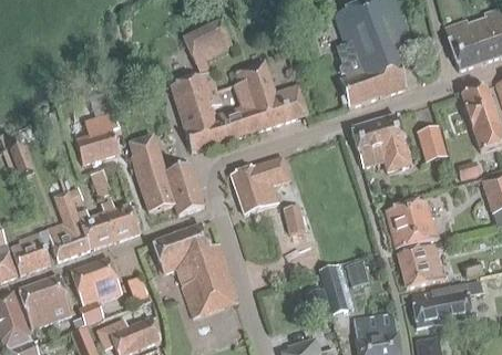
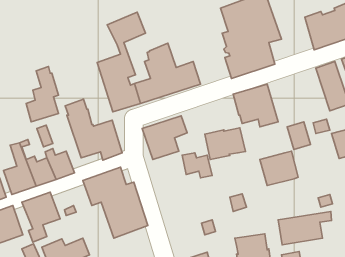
building: [416,124,447,160] -> [287,122,310,150]
building: none -> [205,128,245,160]
building: [397,244,441,286] -> none
building: [317,262,354,313] -> none

